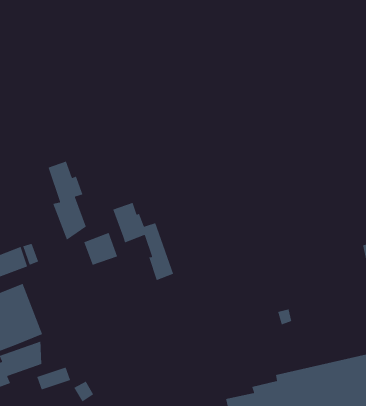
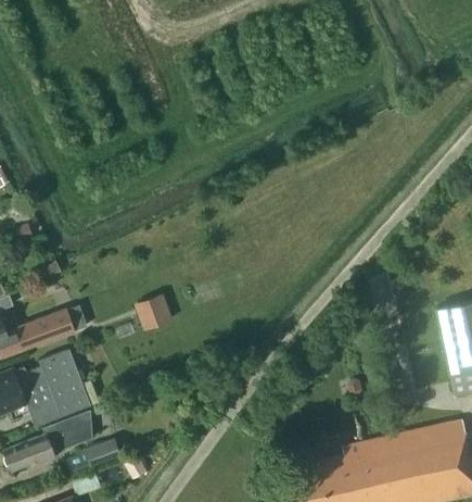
building: [47,161,87,241] -> none
building: [112,202,174,281] -> none

